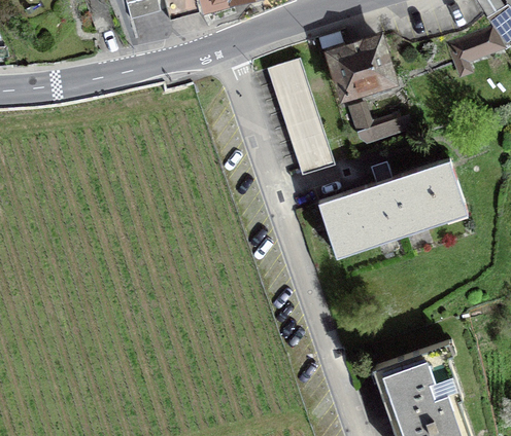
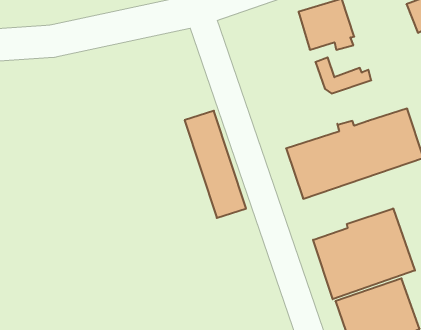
building: [268,60,335,176] -> [185,111,246,218]
building: none -> [313,208,415,299]

